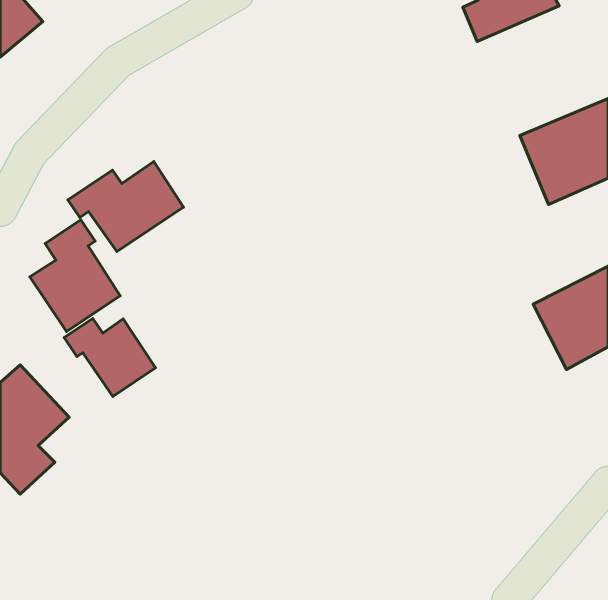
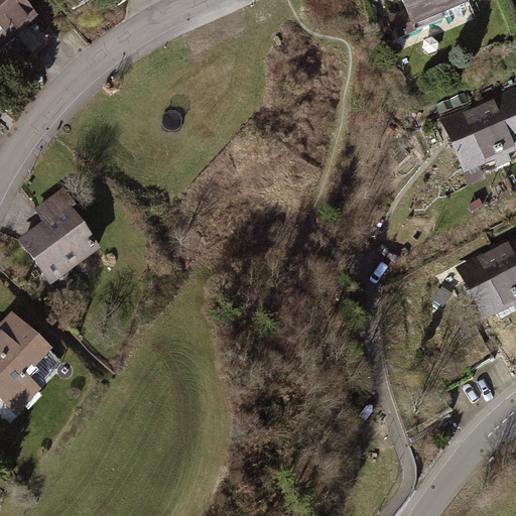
building: [68,162,184,252] -> none
building: [64,318,156,396] -> none

